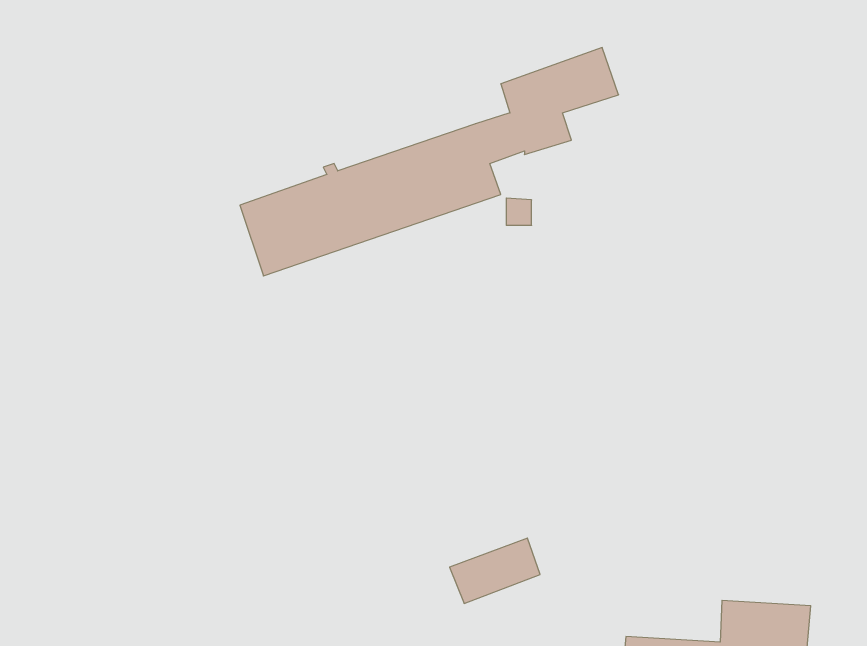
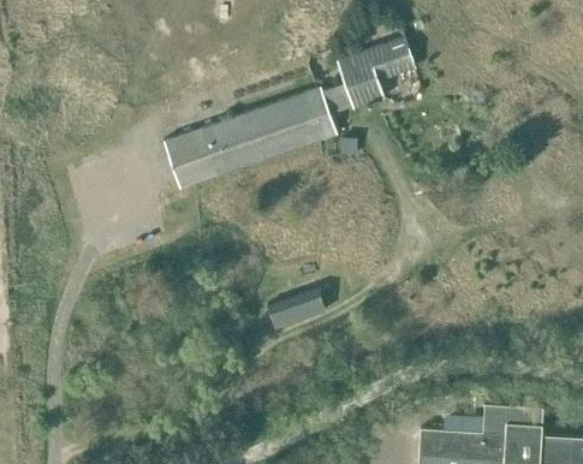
building: [450,538,540,603] -> [270,282,331,326]

